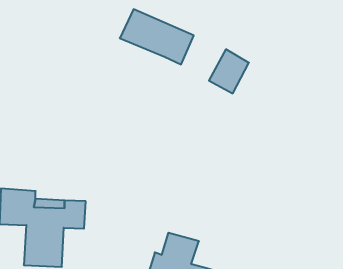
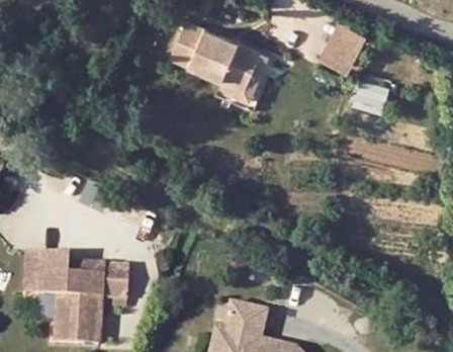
building: [209,49,249,93] -> [314,30,362,83]
building: none -> [354,83,391,117]

